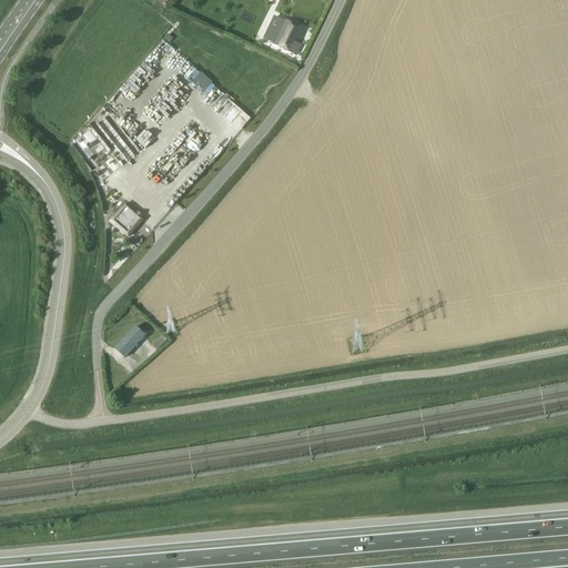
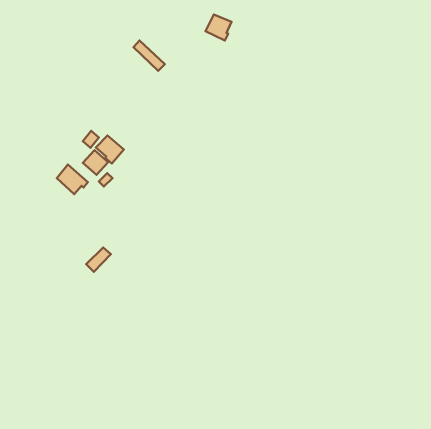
building: none -> [96,136,124,164]
building: none -> [57,165,88,194]

